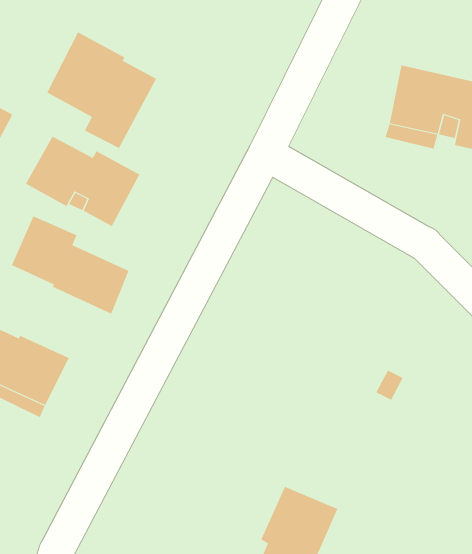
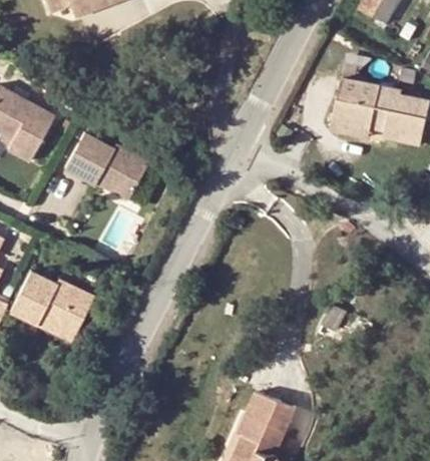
building: [47,31,157,149] -> none
building: [11,215,129,314] -> none

